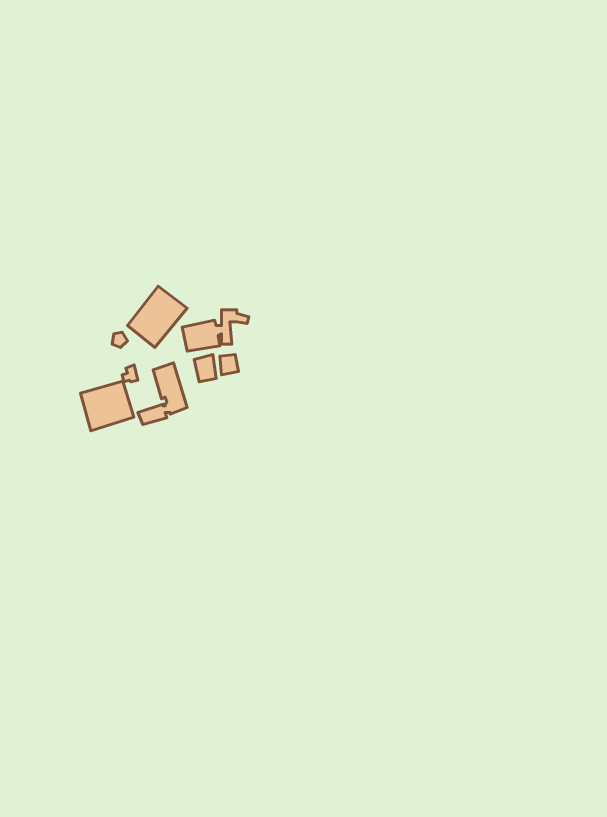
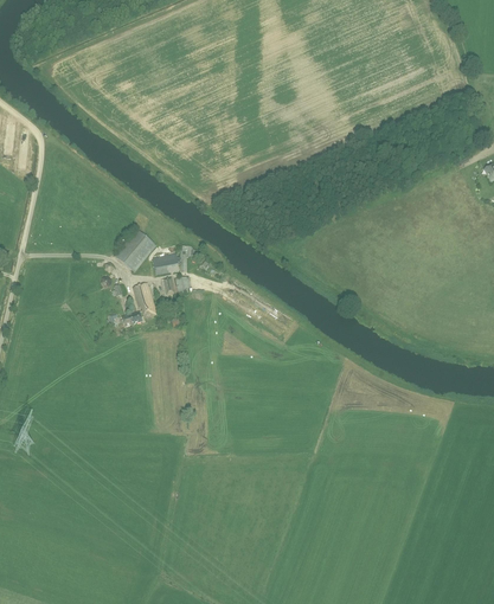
building: [80,381,134,431] -> none

